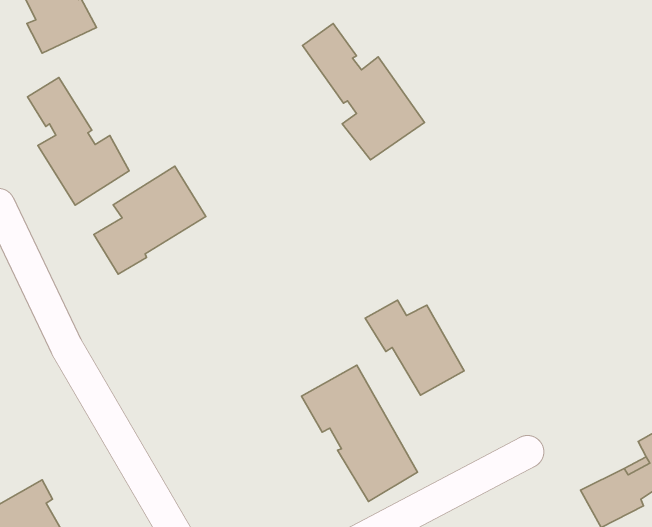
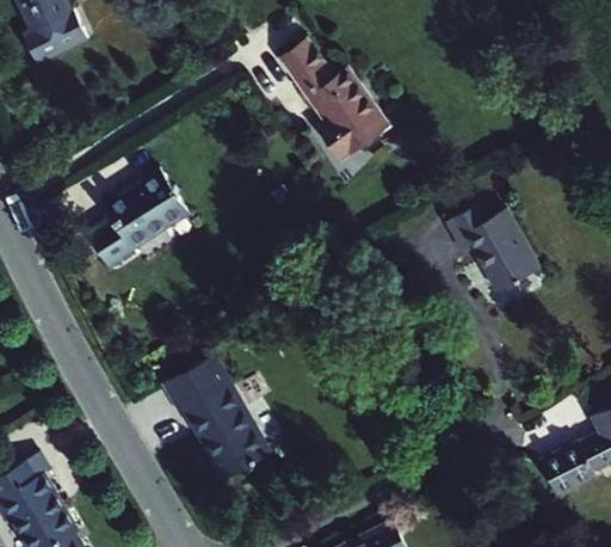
building: [28,77,129,205] -> none
building: [365,300,464,395] -> [449,208,541,296]
building: [302,365,417,502] -> [162,358,270,485]

